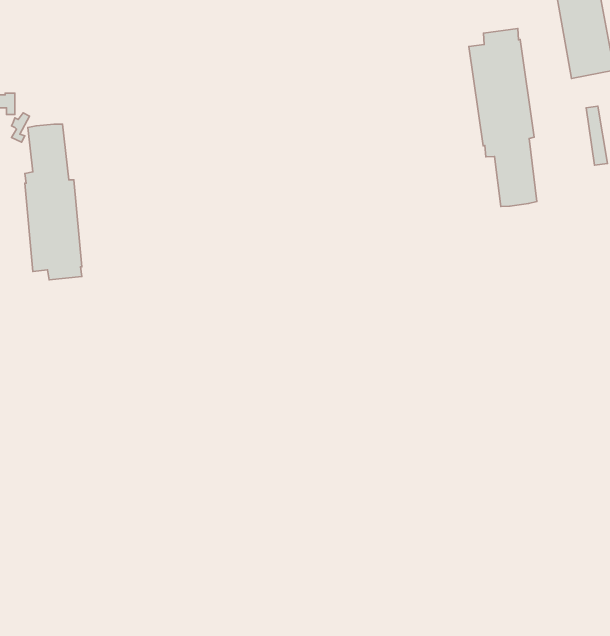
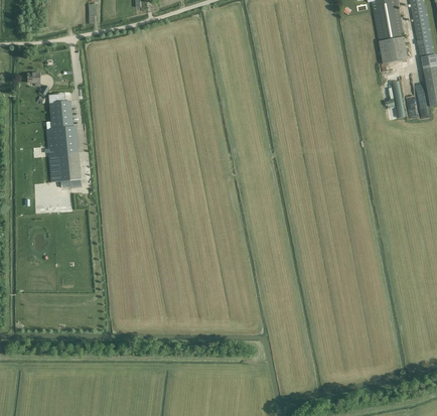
building: [469,29,537,207] -> none

